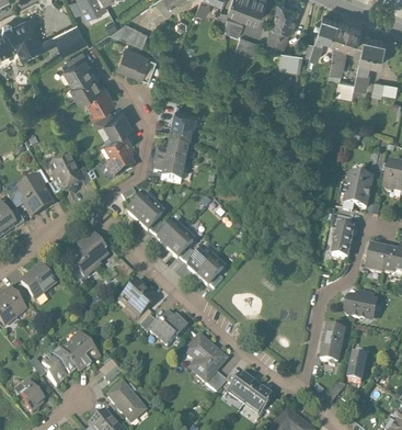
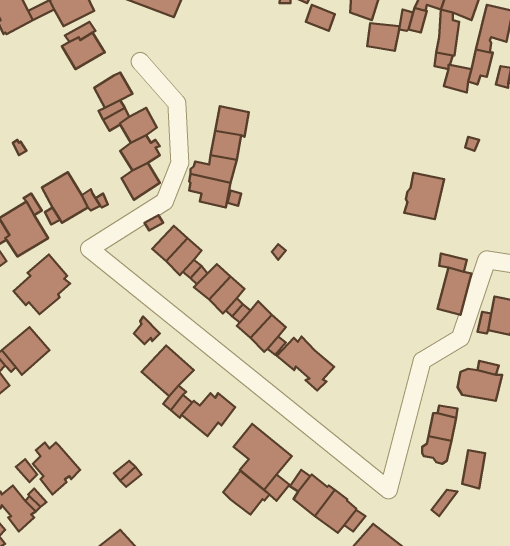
building: [117,47,150,77] -> none
building: [71,72,101,100] -> none
building: [345,173,374,206] -> [404,173,444,219]
building: [67,235,107,278] -> [14,254,70,314]
building: none -> [277,336,334,390]
building: [61,336,97,373] -> none
building: none -> [223,471,269,515]
building: [108,383,145,419] -> none

